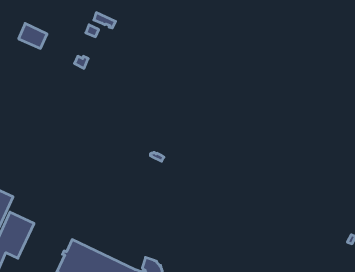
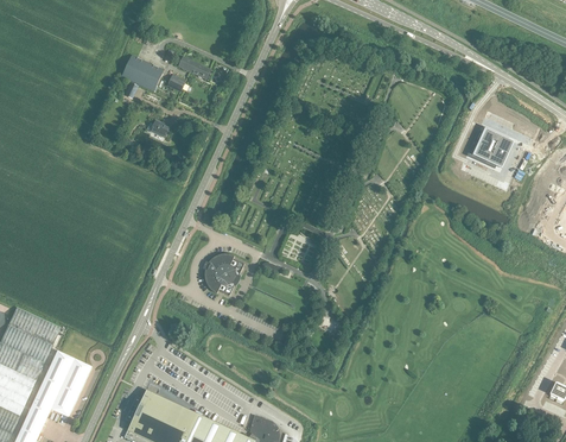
building: [19,23,47,48] -> [122,55,164,91]
building: none -> [469,126,515,168]
building: none -> [205,253,244,296]

